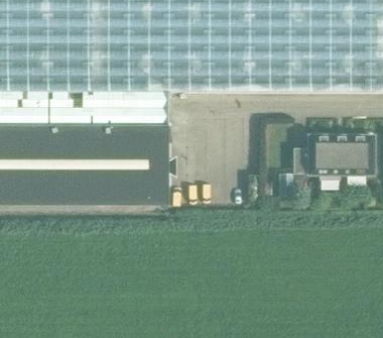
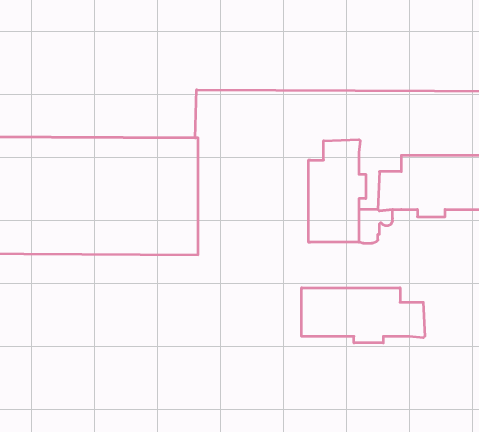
building: none -> [309,140,366,242]
building: none -> [302,288,425,343]

